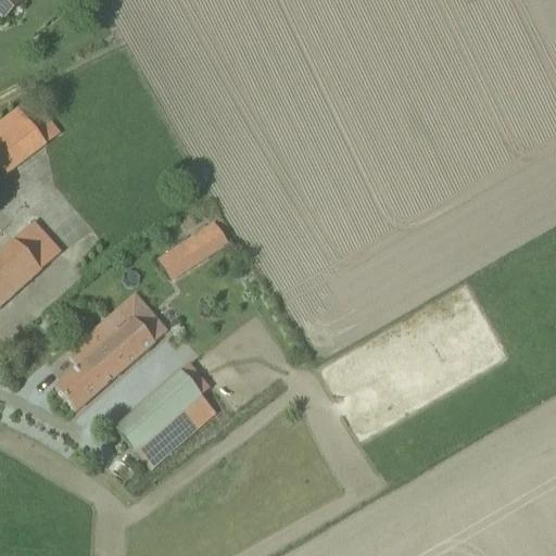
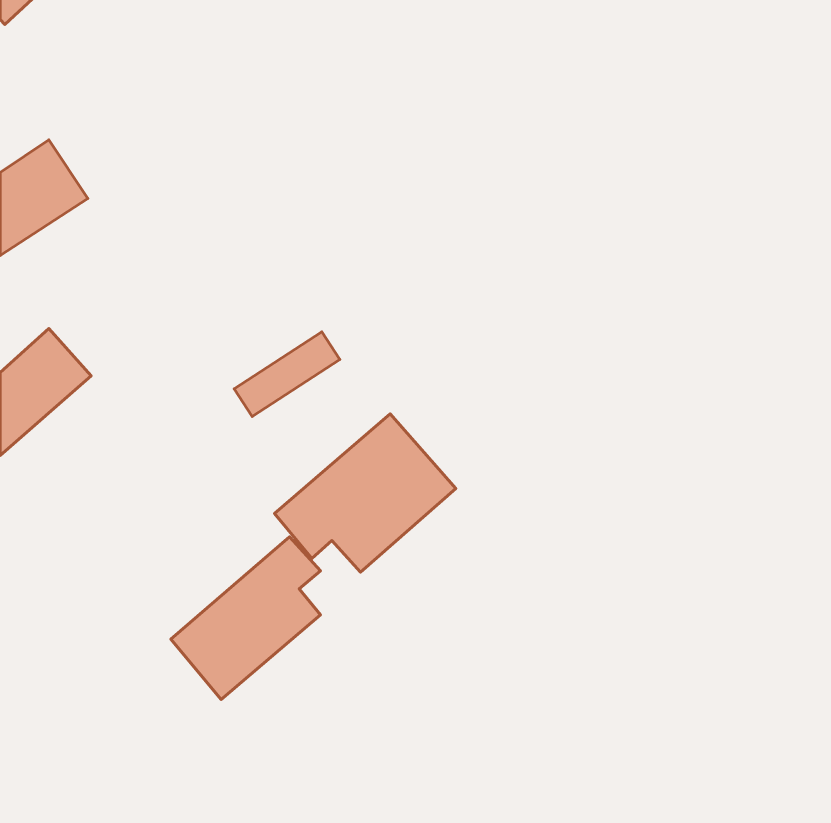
building: none -> [275,414,456,572]
building: [54,294,166,409] -> none

